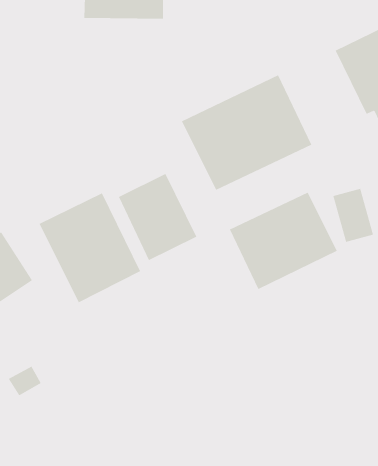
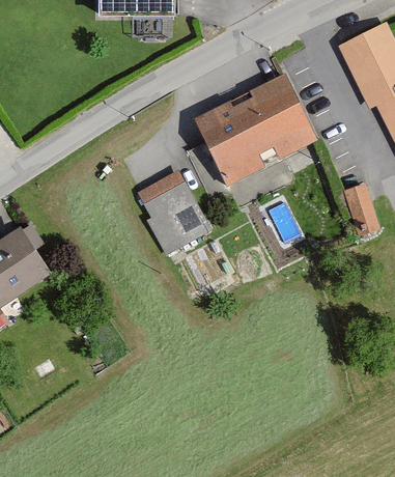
building: [229,192,337,290] -> none
building: [39,192,141,303] -> none

